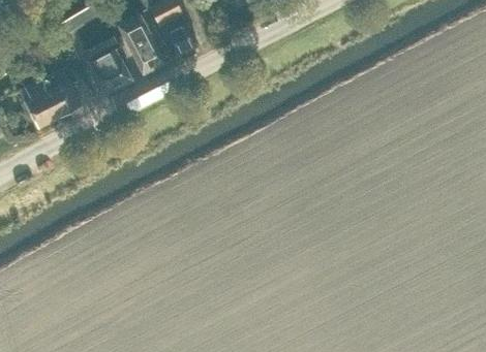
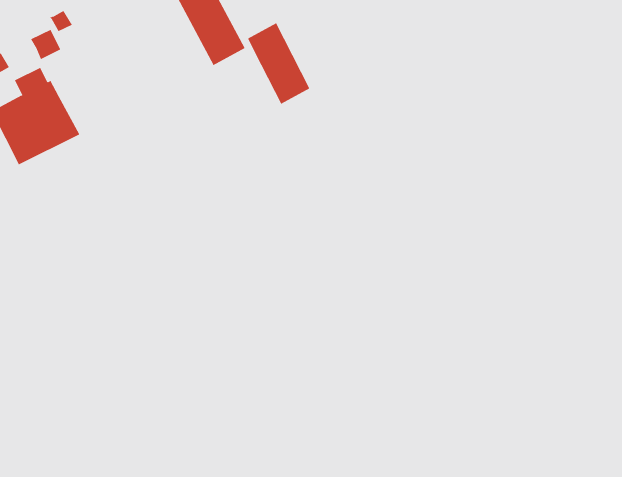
building: [119,15,163,73] -> [247,22,310,104]
building: [89,49,130,93] -> none

